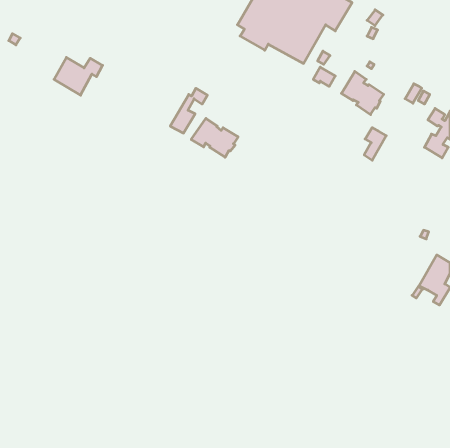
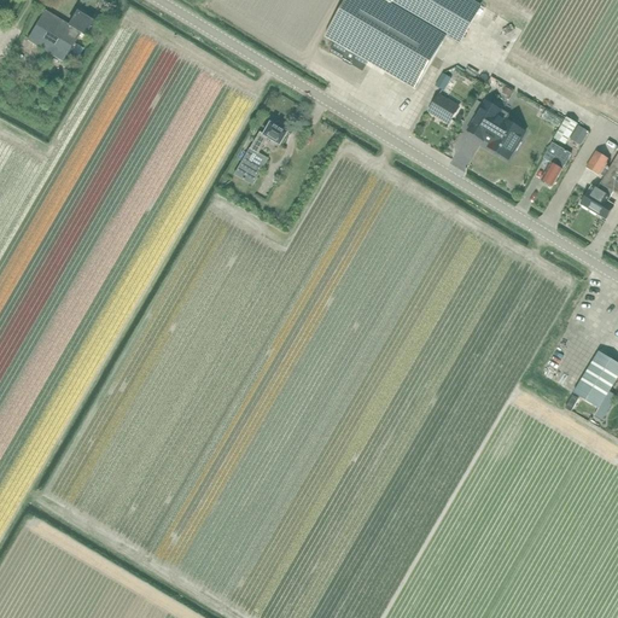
building: [54,57,103,95] -> [27,7,93,59]
building: [191,118,238,157] -> none
building: [364,128,386,160] -> [541,140,571,185]

